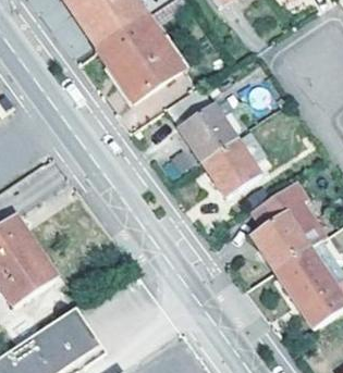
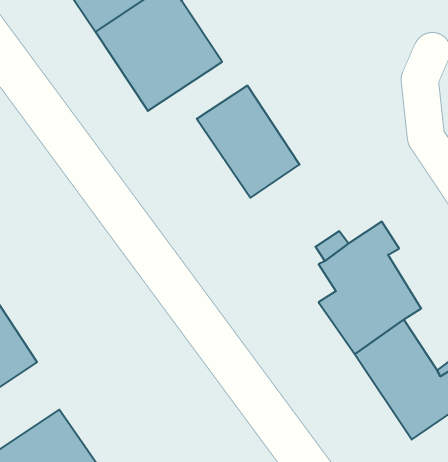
building: [203,128,269,197] -> none

